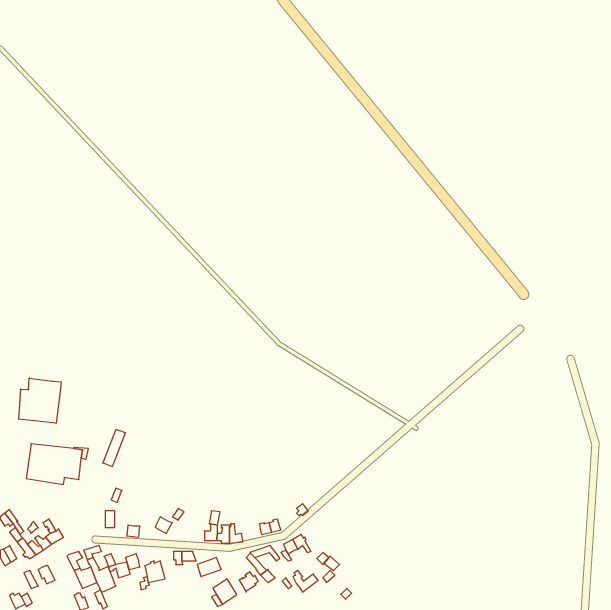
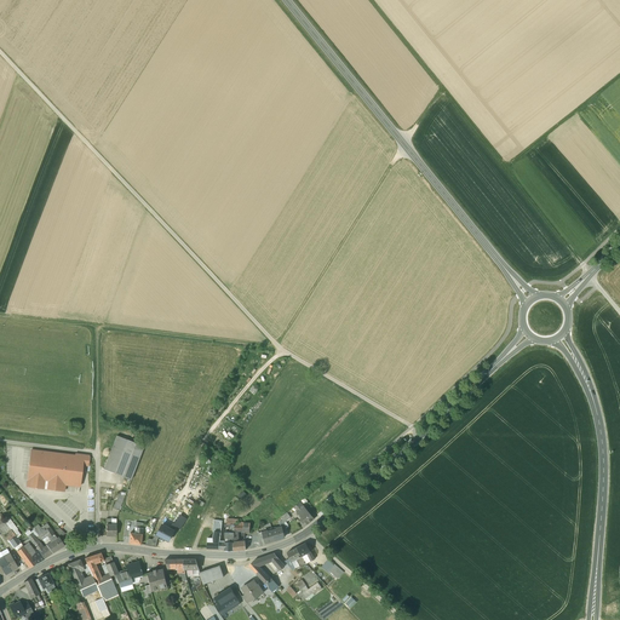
building: [19,378,61,423] -> none
building: none -> [114,438,144,478]

